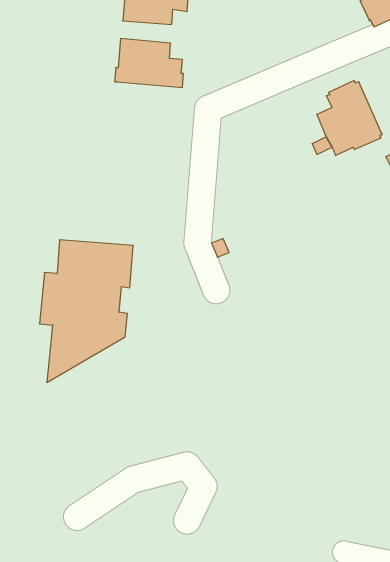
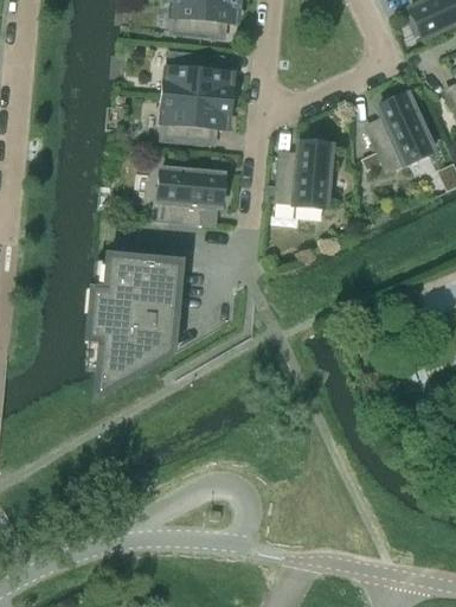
building: none -> [161,95,231,143]
building: none -> [275,141,333,207]
building: none -> [158,167,224,224]

